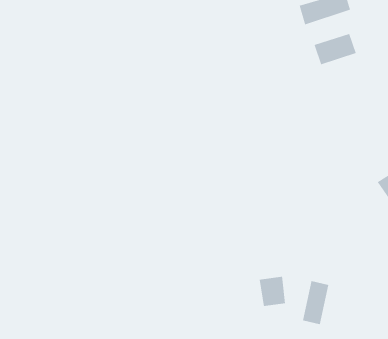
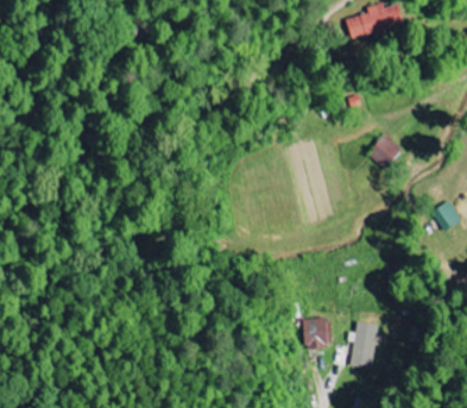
building: [314,33,356,65] -> none
building: none -> [368,133,403,168]

